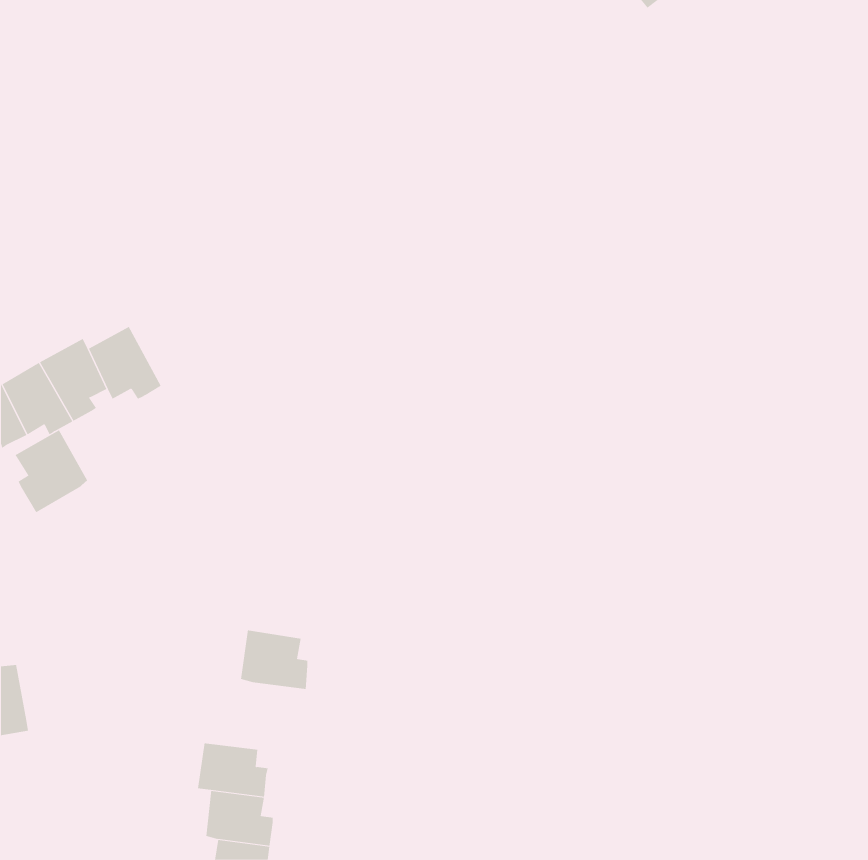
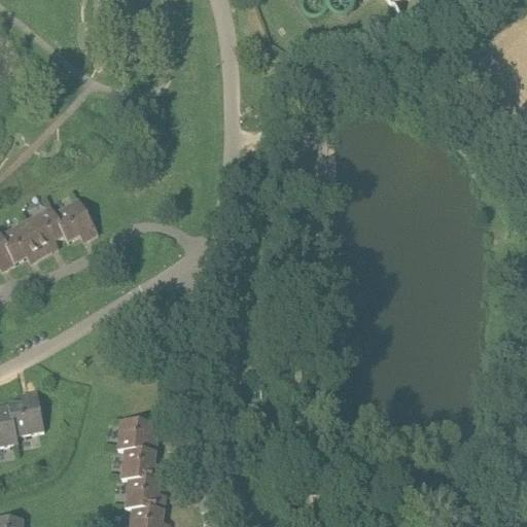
building: [15,429,88,513] -> none
building: [240,630,308,689] -> [116,418,157,454]
building: none -> [10,390,44,436]

